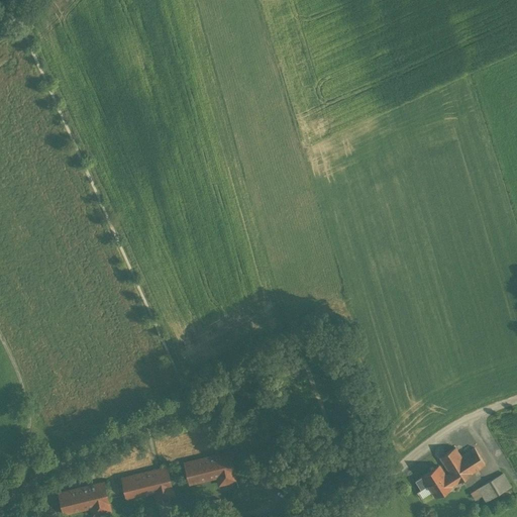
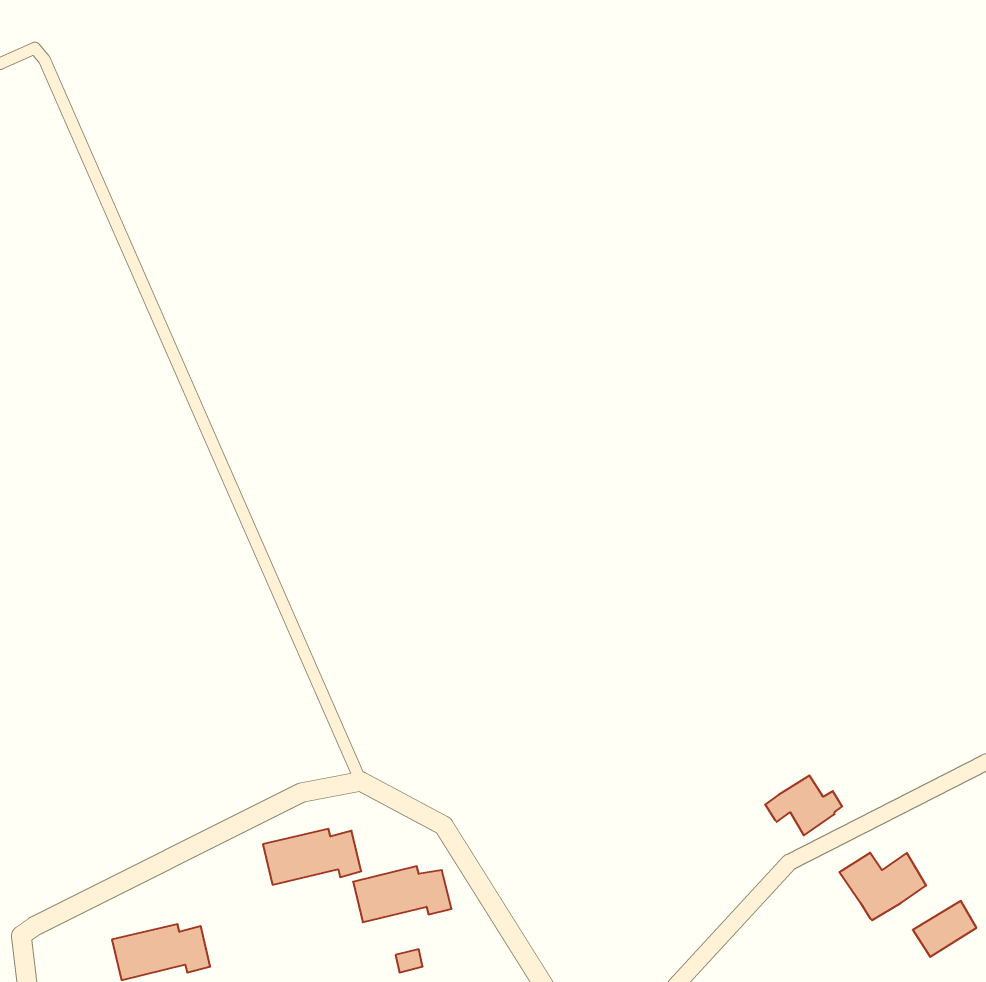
building: [415,467,455,498] -> [765,776,842,835]
building: [121,471,173,500] -> [263,829,361,885]

